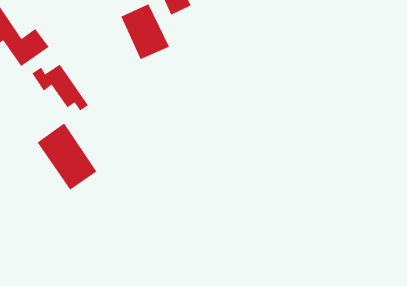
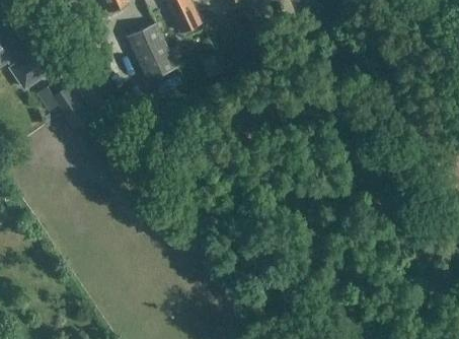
building: [37,122,97,191] -> none

